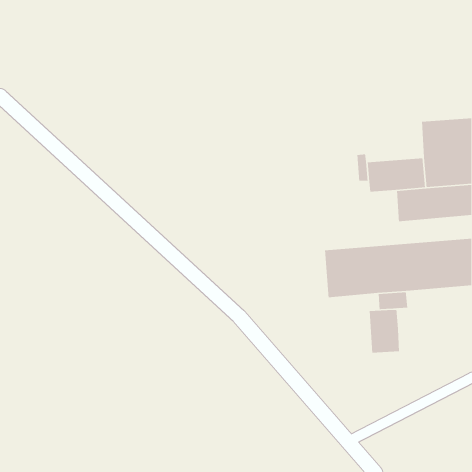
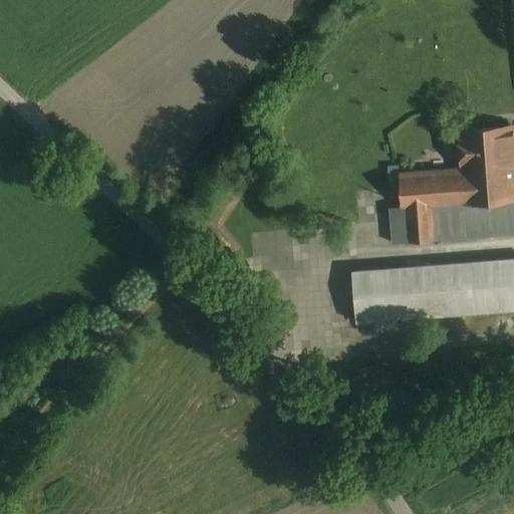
building: none -> [391,208,433,245]
building: [369,309,400,353] -> none

